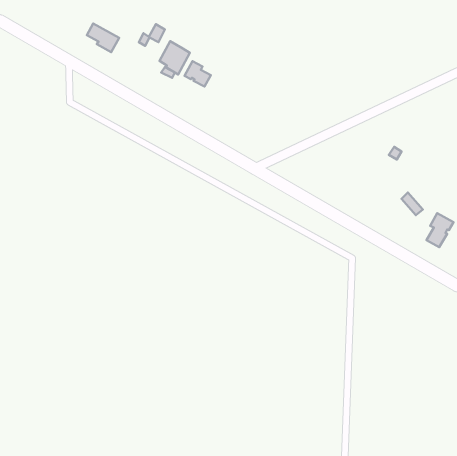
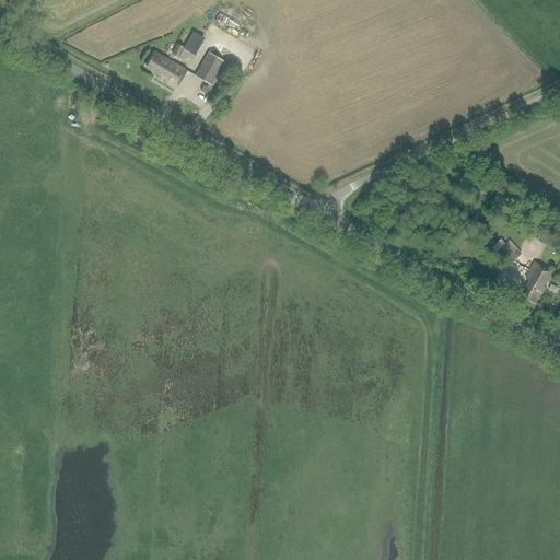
building: [87,23,119,52] -> [145,51,185,86]
building: [185,61,211,87] -> none

